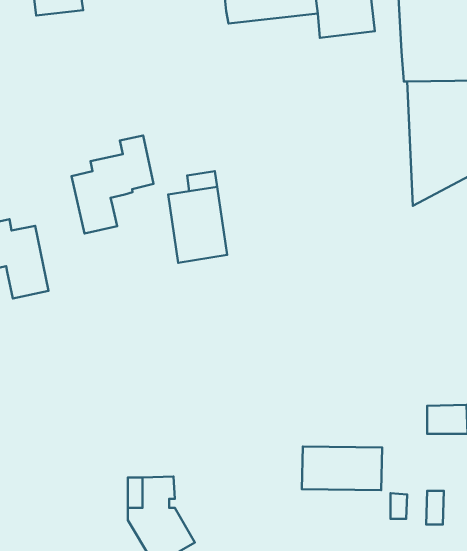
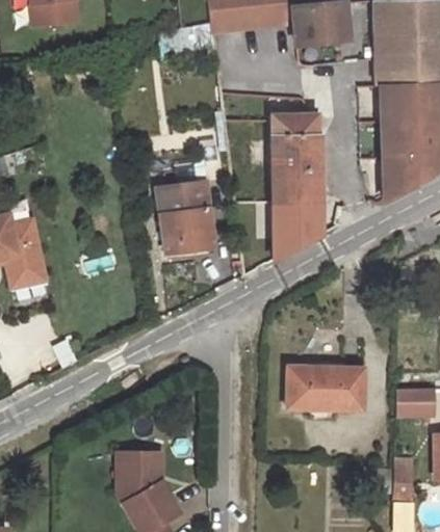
building: none -> [271,115,323,260]
building: [72,135,153,233] -> none
building: [302,446,382,490] -> [287,369,362,409]

